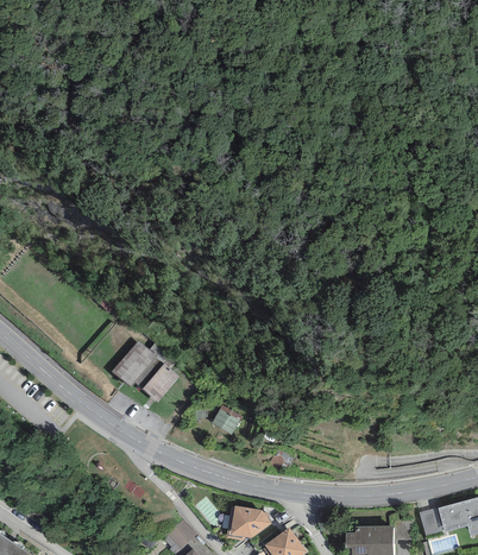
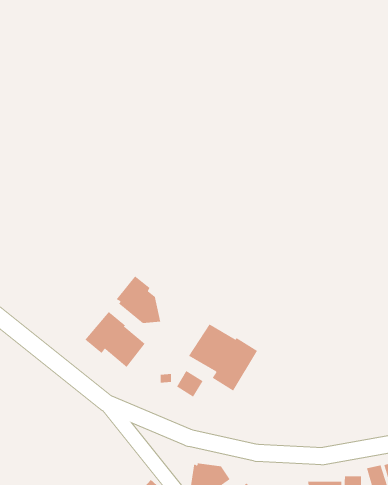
building: none -> [116,275,161,324]
building: none -> [188,323,258,391]

